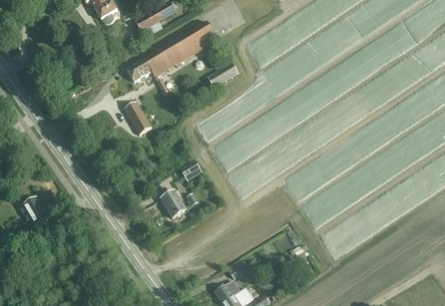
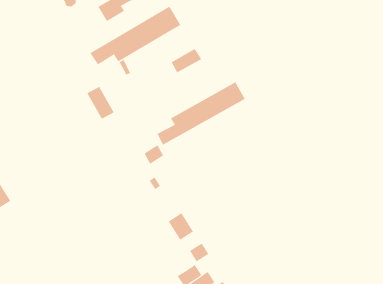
building: none -> [157,82,246,145]
building: [159,189,185,217] -> [168,212,194,240]

